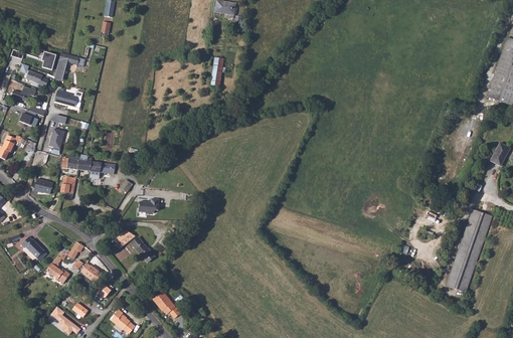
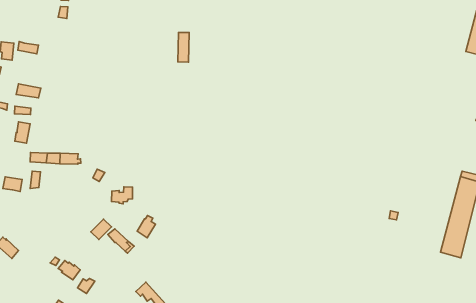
building: [45,241,83,284] -> none

